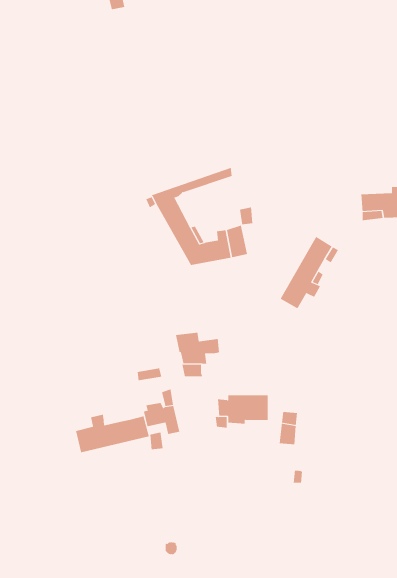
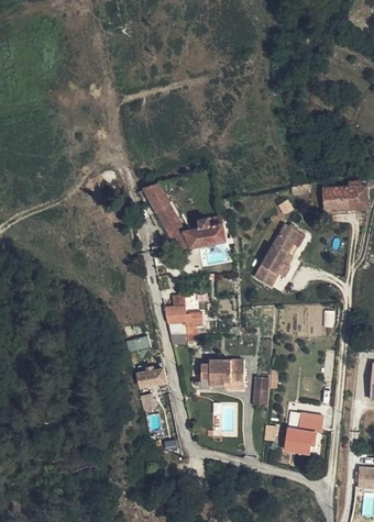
building: [76,414,150,453] -> none
building: none -> [284,414,321,453]

